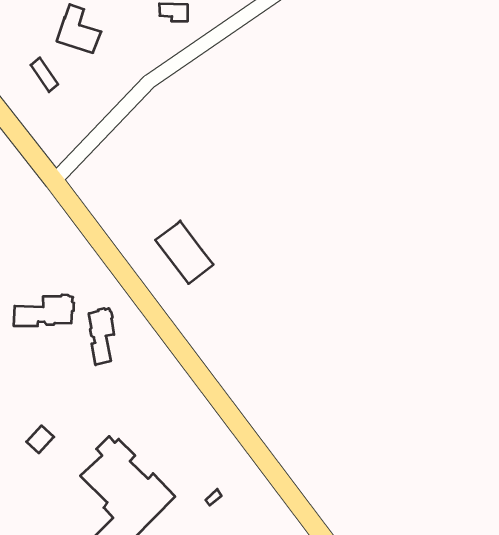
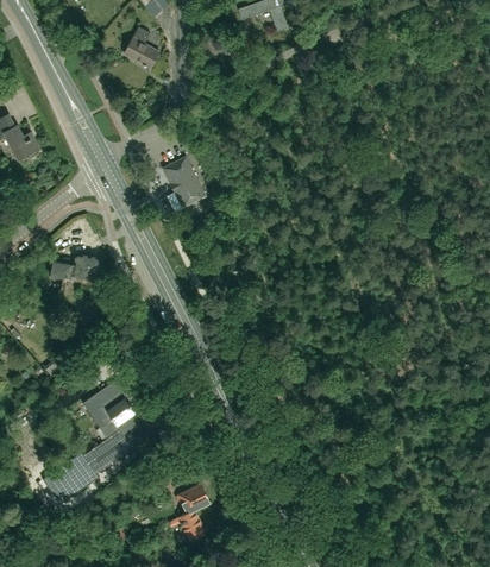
building: [155,221,213,284] -> [163,157,206,208]
building: [89,308,114,365] -> none

